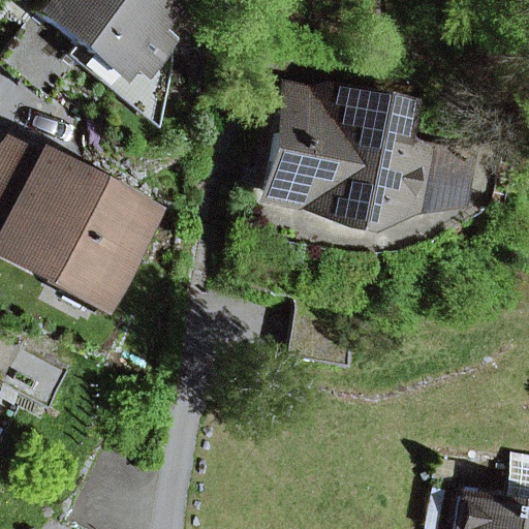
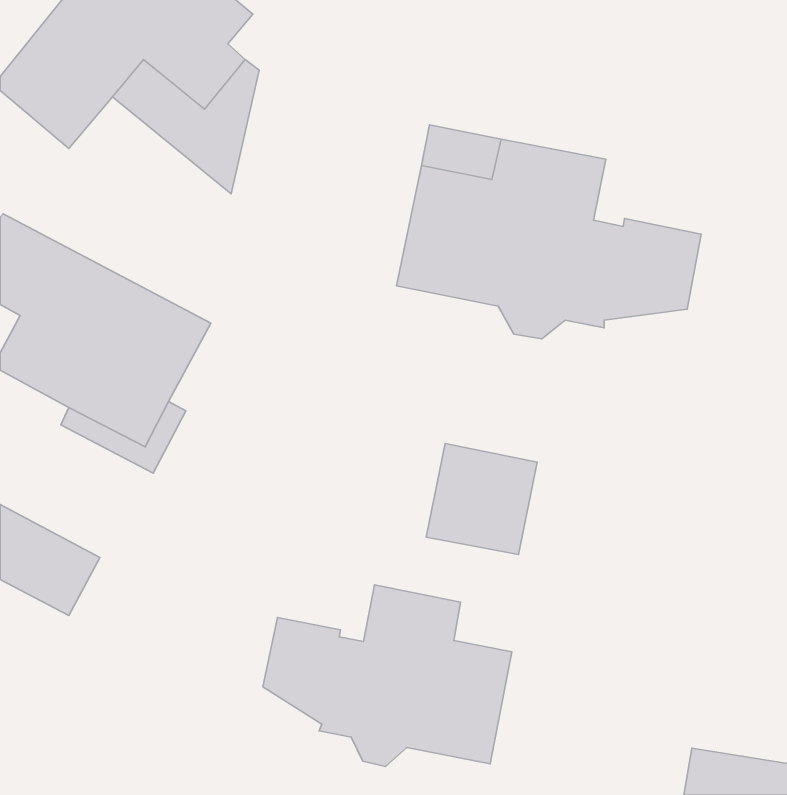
building: none -> [263,585,512,766]

